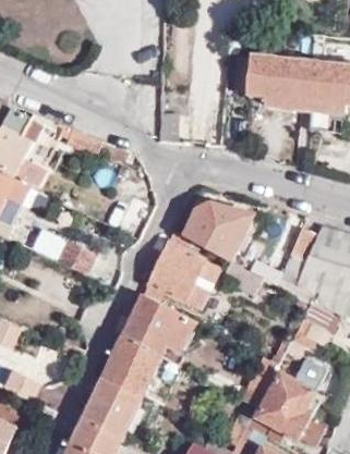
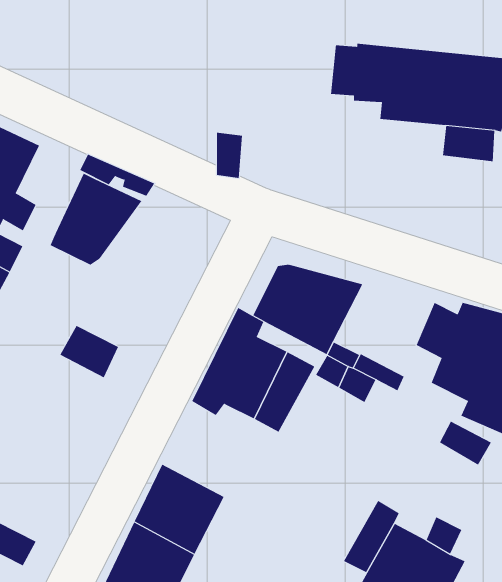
building: none -> [50,173,142,265]
building: [122,292,197,355] -> none

